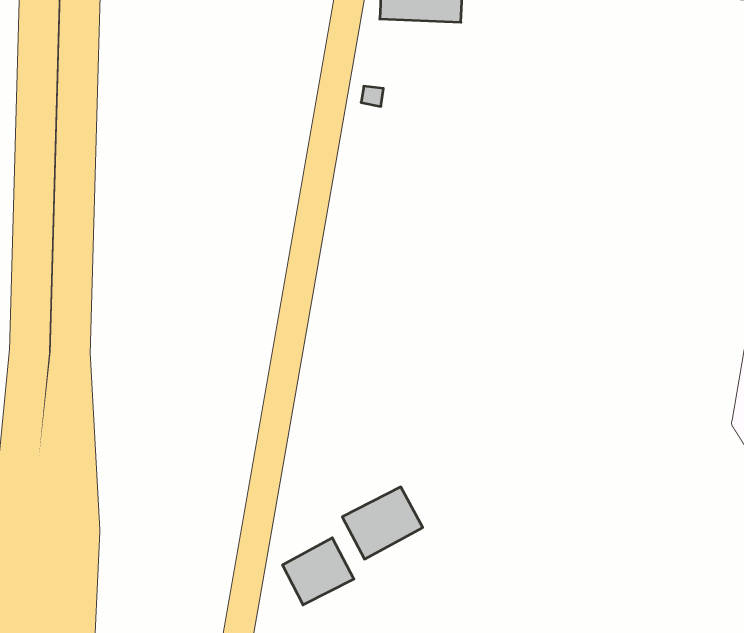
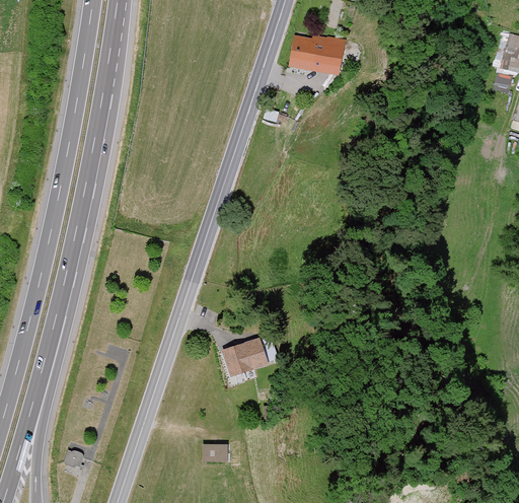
building: [283,538,354,605] -> none

